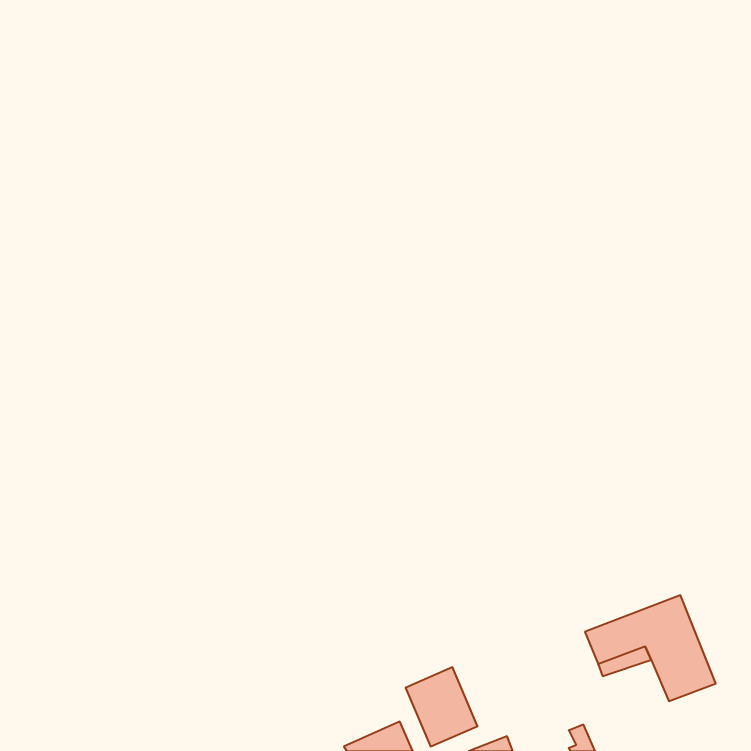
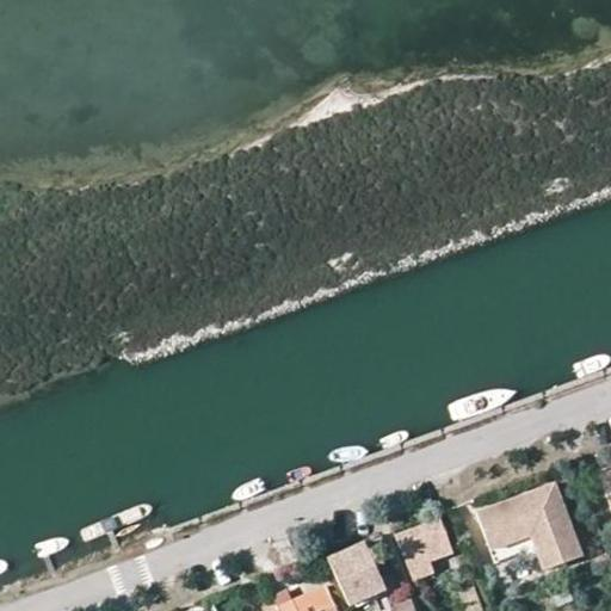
building: none -> [395,520,451,579]

